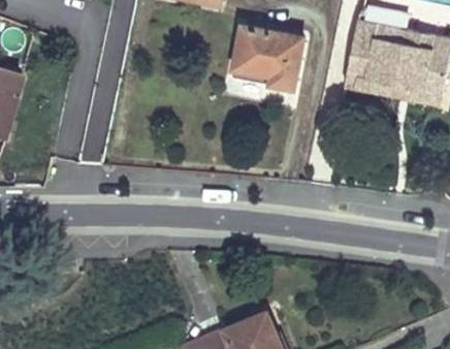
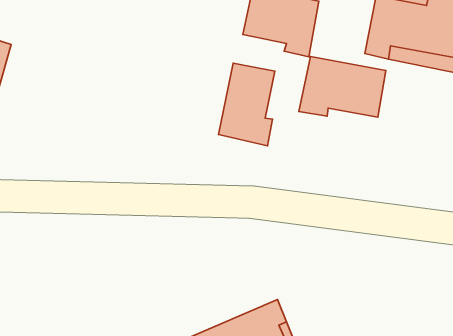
building: none -> [299,57,386,117]
building: none -> [219,63,275,146]

